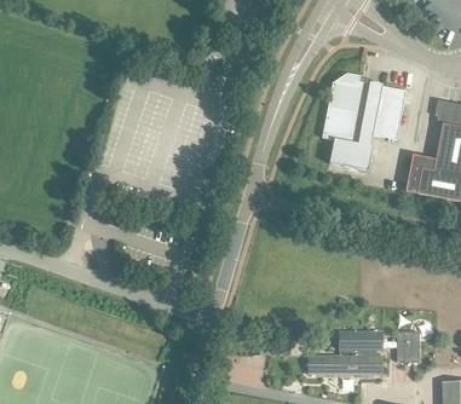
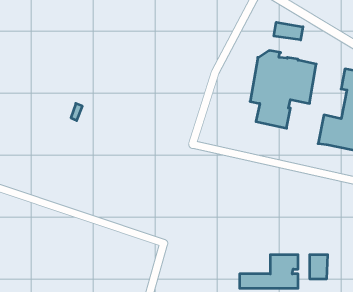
building: none -> [274,22,303,40]

